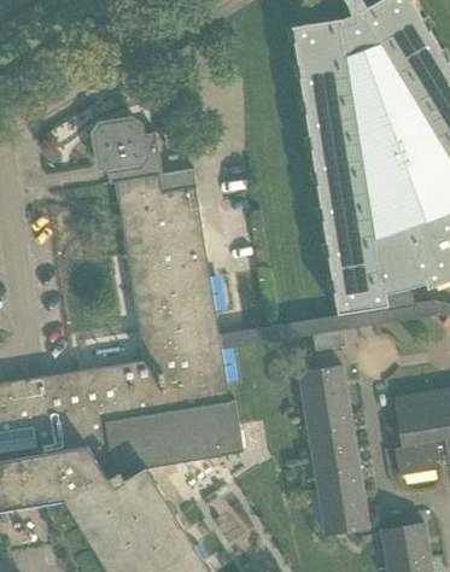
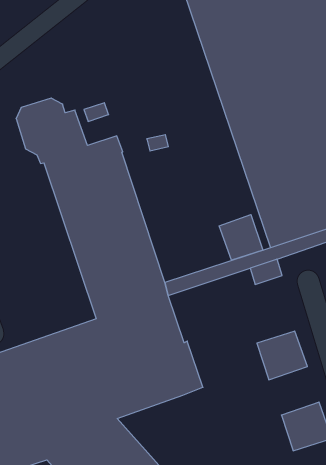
building: none -> [219,215,263,260]
building: [299,366,349,413] -> none
building: [312,446,362,494] -> none

